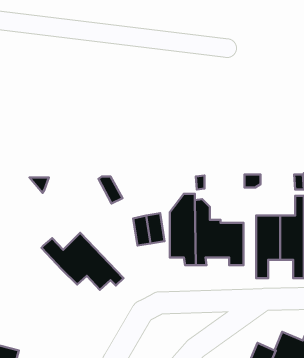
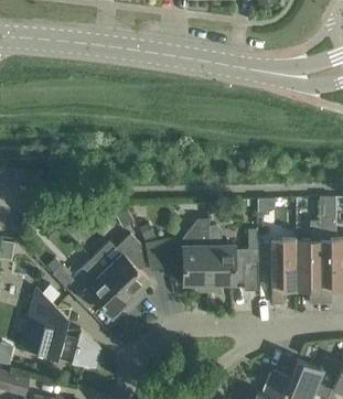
building: none -> [92,234,149,304]
building: none -> [20,288,100,368]

